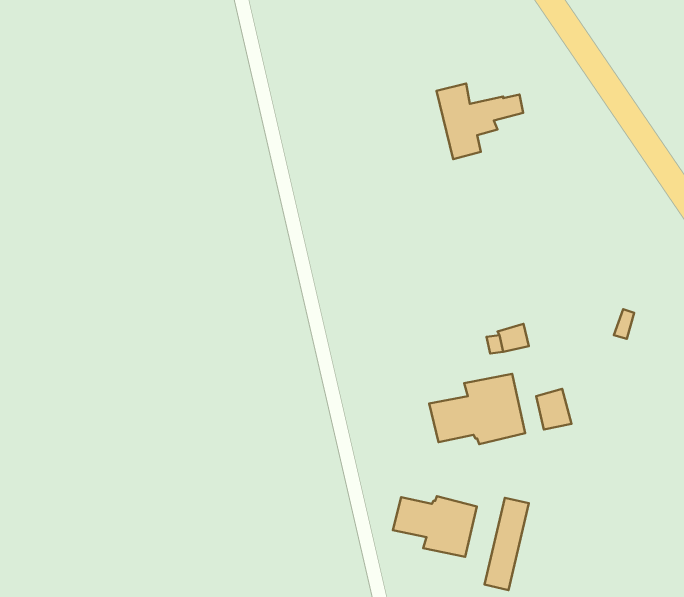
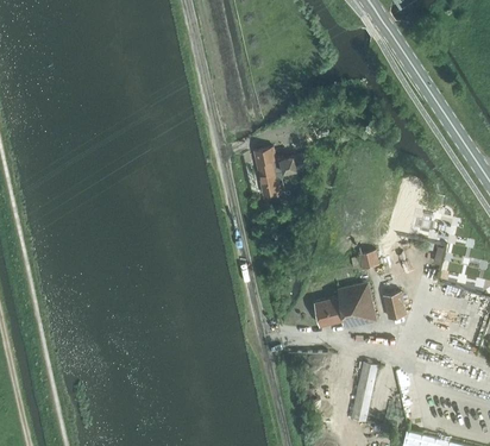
building: [437,83,523,159] -> [251,149,307,197]
building: [393,496,477,557] -> none

